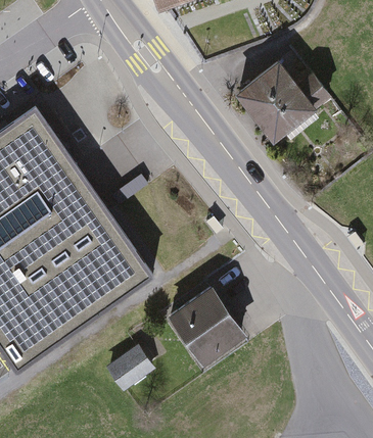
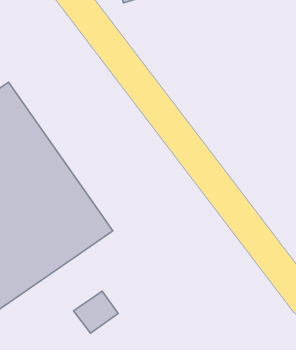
building: [242,55,335,138] -> none
building: [175,281,253,361] -> none

